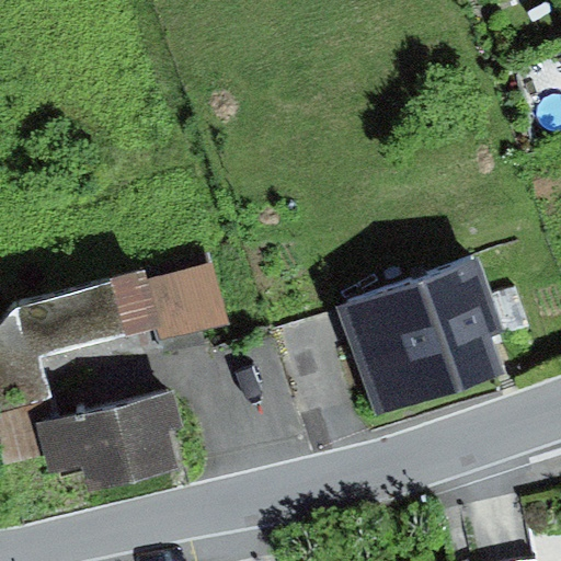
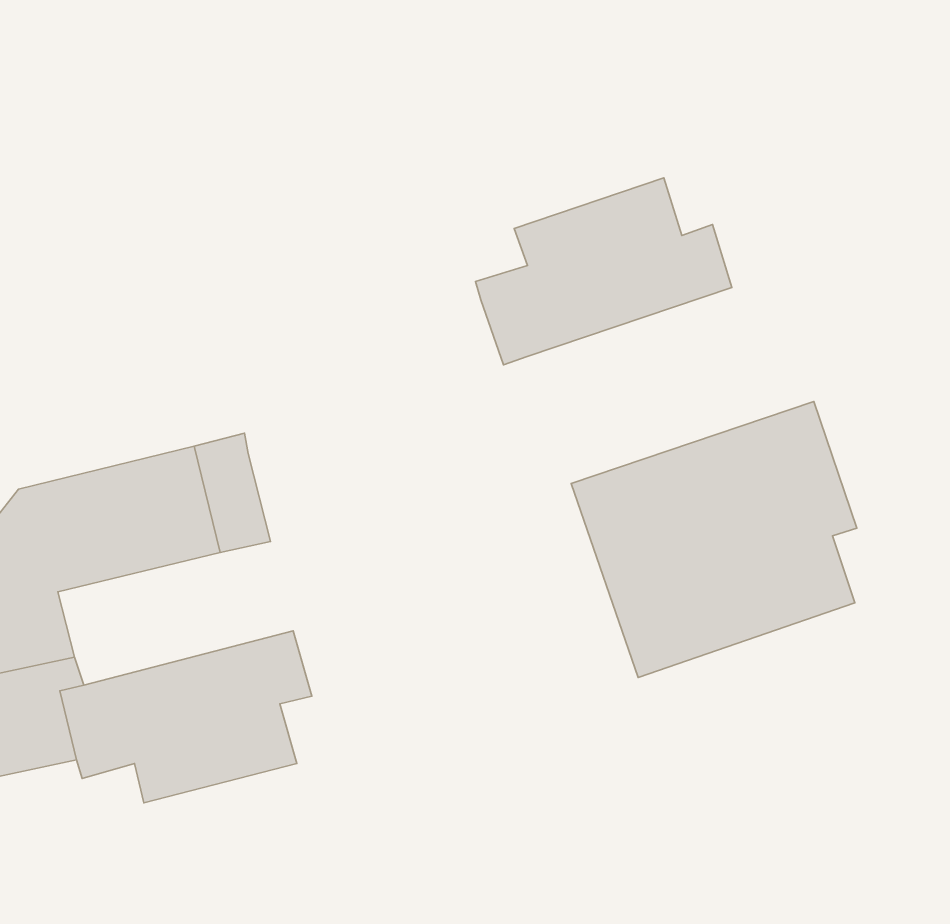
building: none -> [475,178,732,365]
building: [146,268,226,342] -> none

